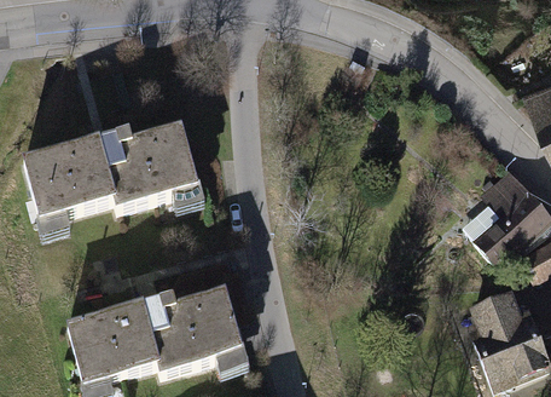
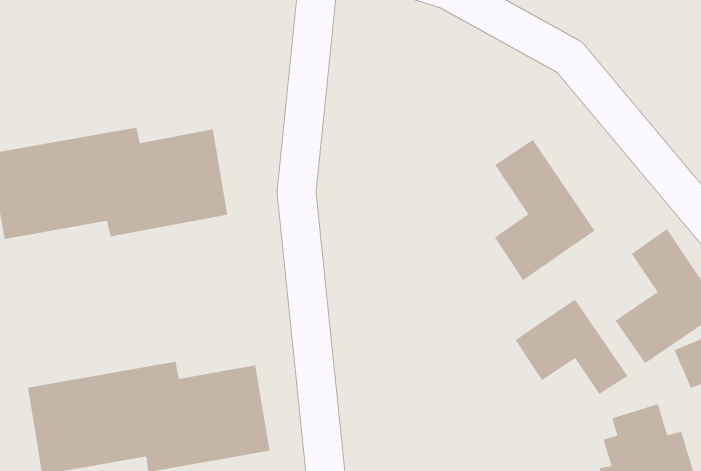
building: none -> [494,139,595,281]
building: none -> [514,299,628,395]

